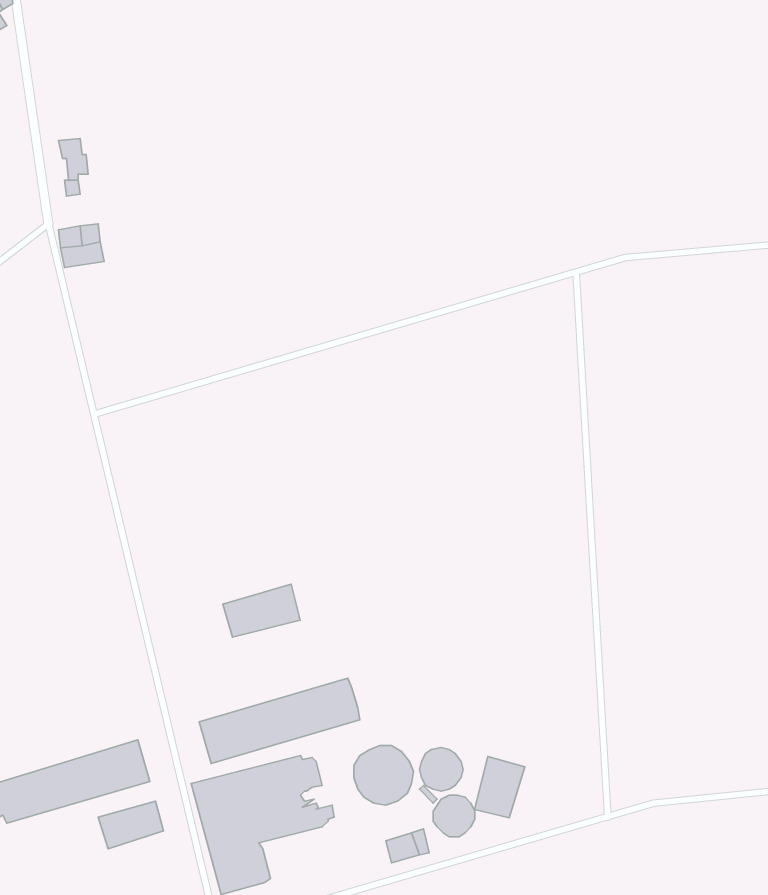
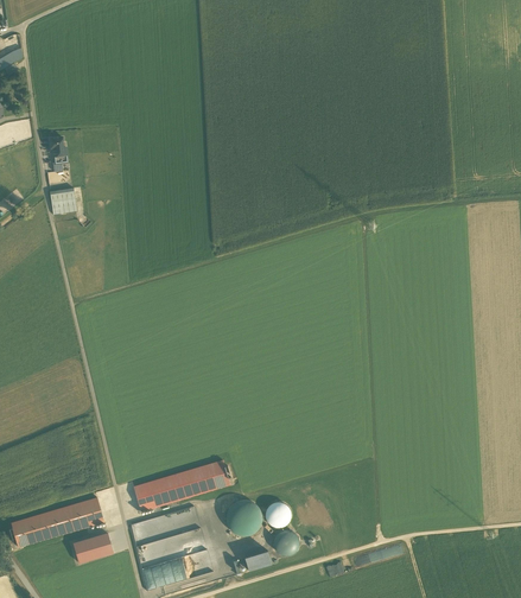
building: [223,584,300,637] -> none
building: [474,756,525,818] -> none

